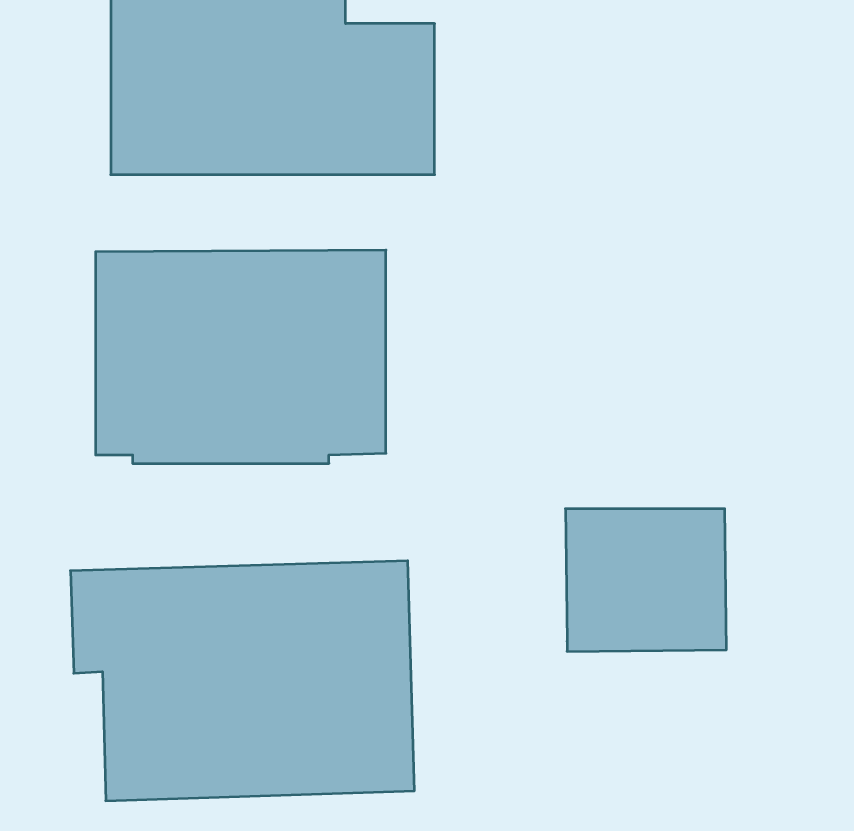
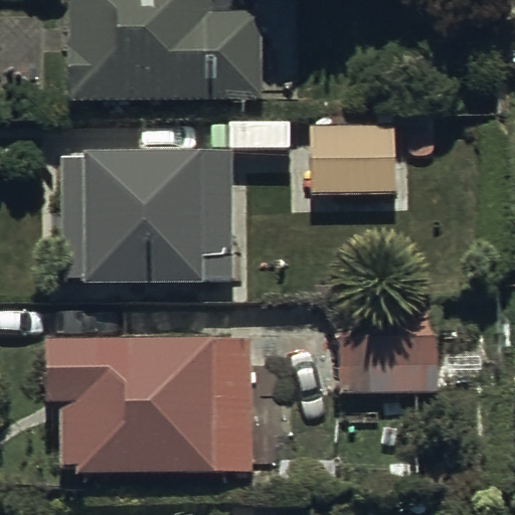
building: none -> [308,123,396,188]

